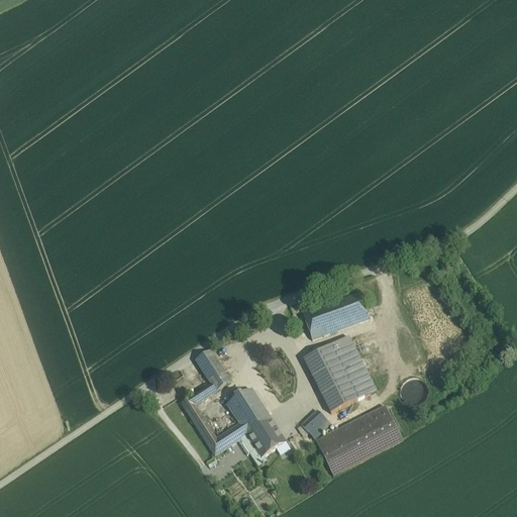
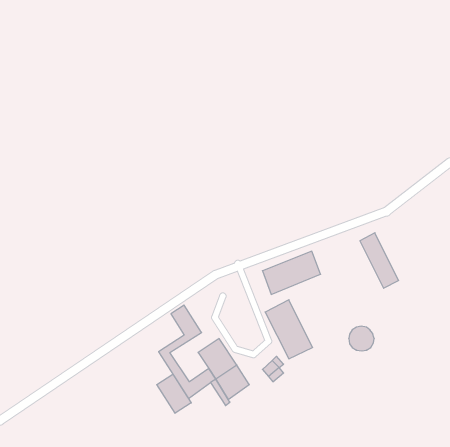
building: [331,334,376,398] -> [360,233,399,288]
building: [316,404,403,474] -> none
building: none -> [157,374,191,413]

